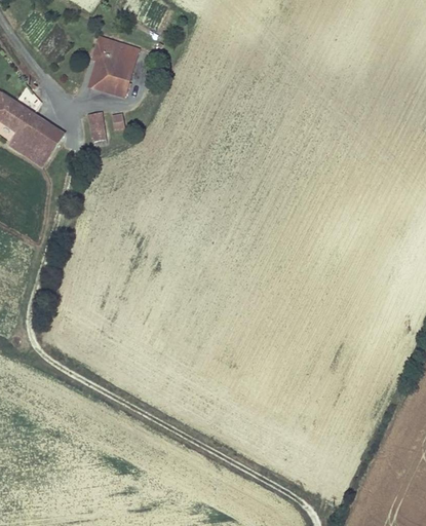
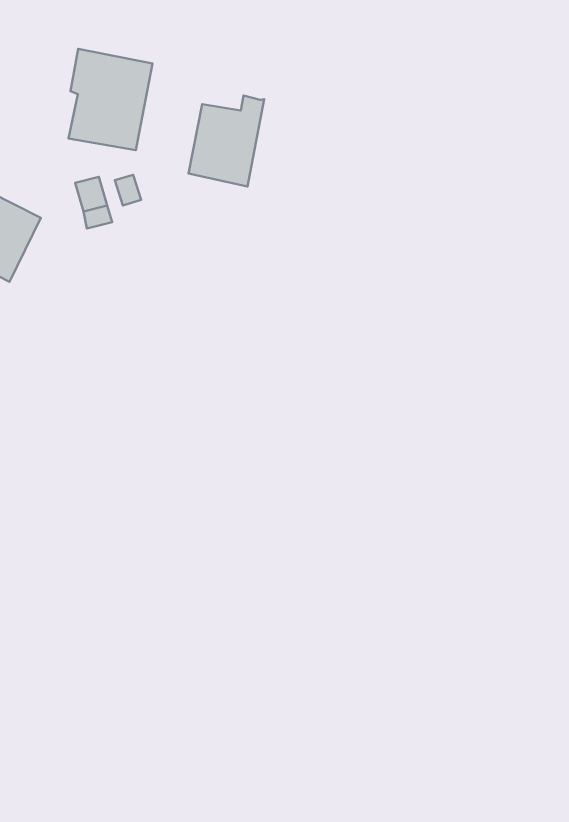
building: none -> [188,95,264,187]

